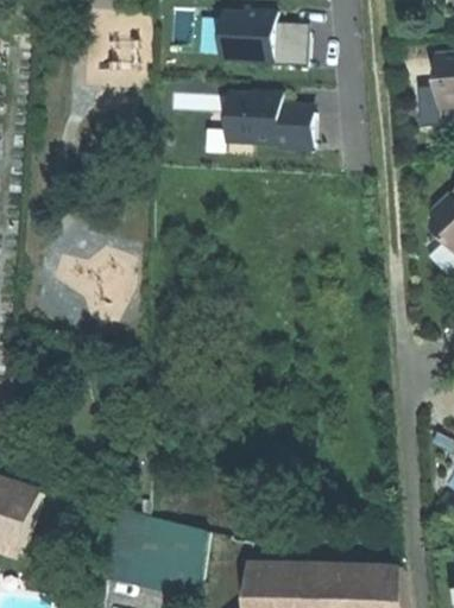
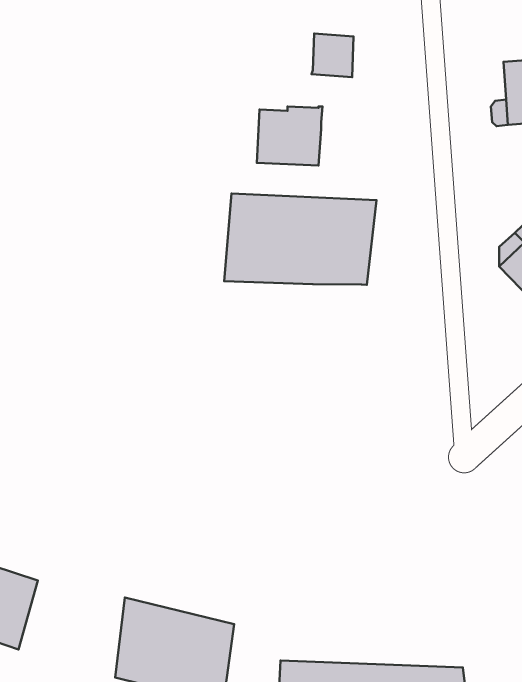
building: [220,10,276,61] -> none
building: [278,110,314,146] -> none
building: none -> [224,193,377,285]

